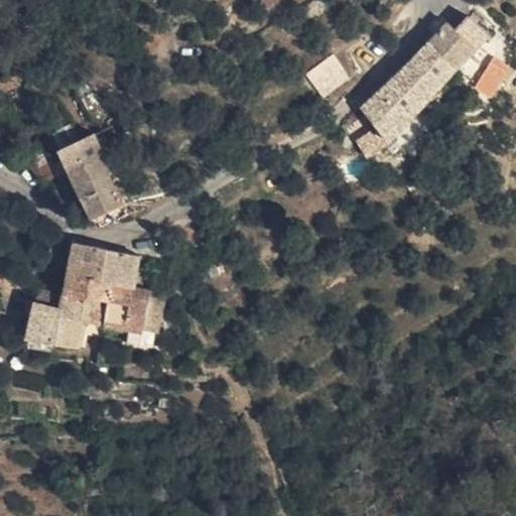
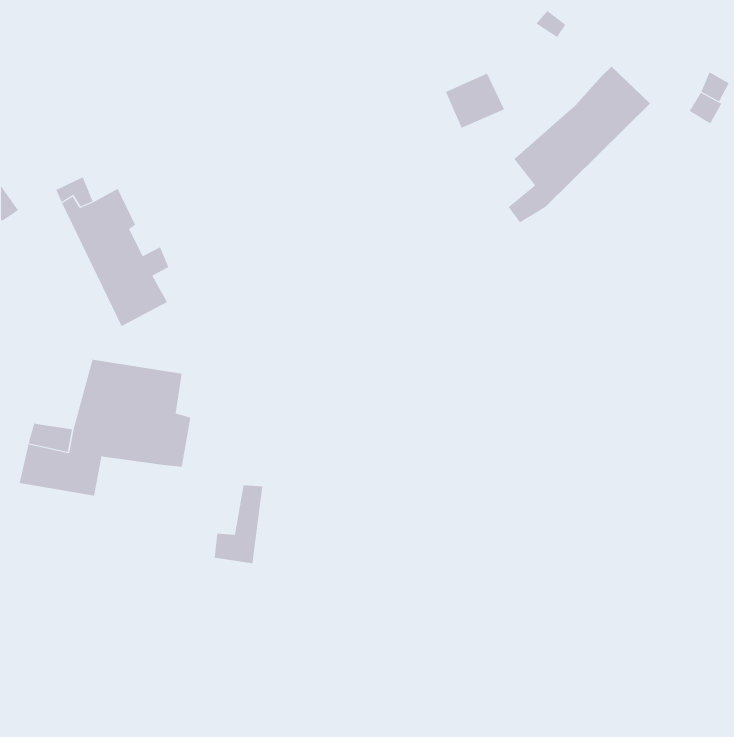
building: [430,21,490,72] -> none
building: [120,288,154,343] -> [214,485,263,564]

